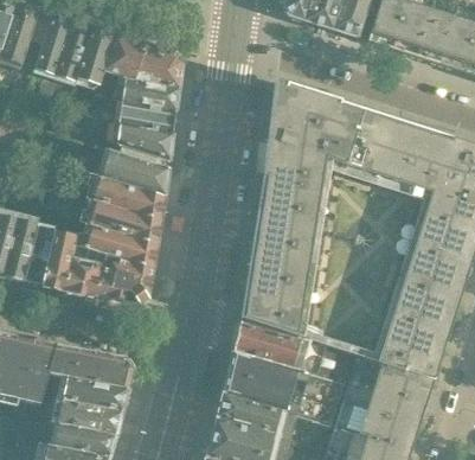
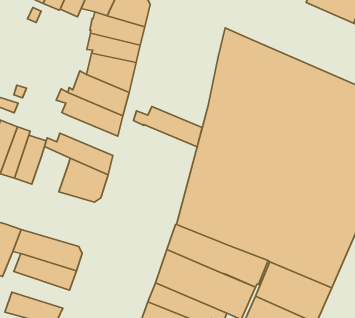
building: [76,203,159,245] -> [133,107,202,147]
building: [62,255,103,295] -> none
building: [45,396,120,434] -> none

